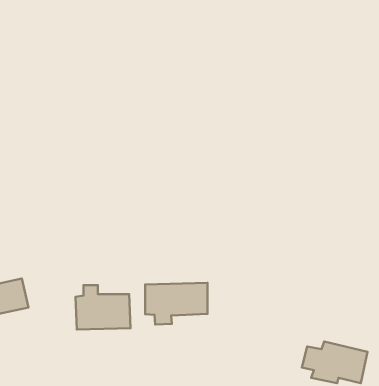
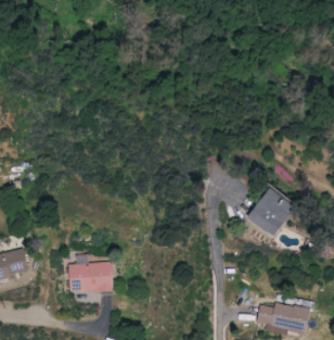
building: none -> [248,188,296,237]
building: [145,283,208,324] -> none

